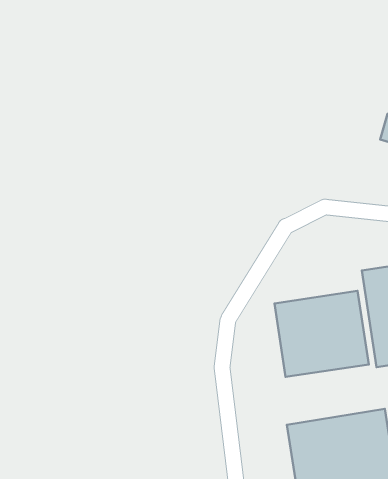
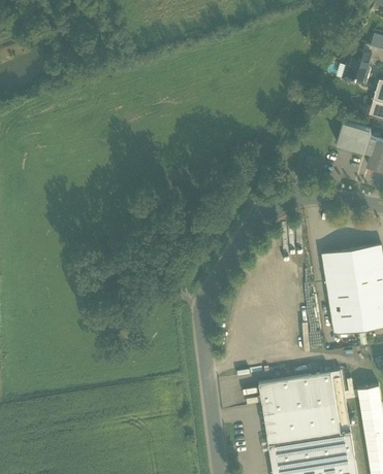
building: [274,291,369,377] -> none

